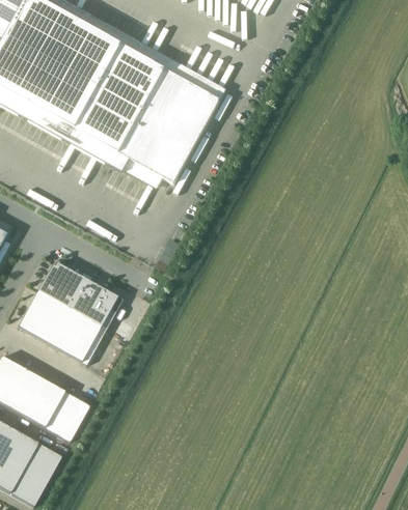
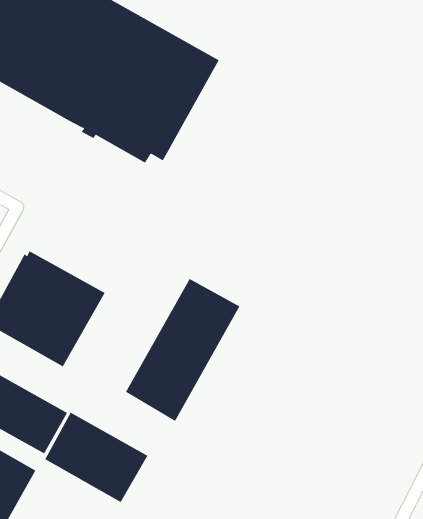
building: none -> [125,278,240,422]
building: none -> [45,412,148,503]

